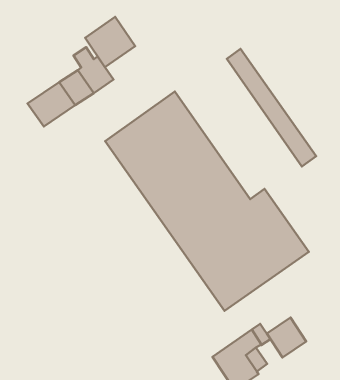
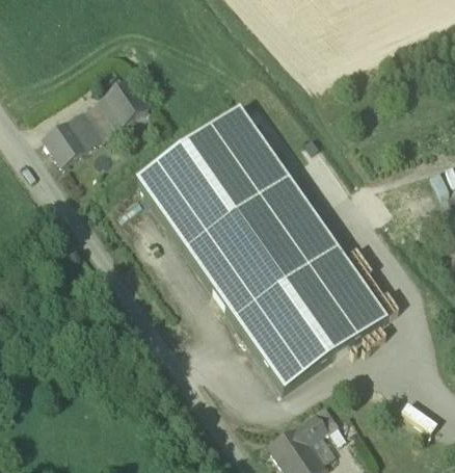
building: [85,17,135,67] -> none
building: [227,49,316,166] -> [225,106,334,249]
building: [267,318,306,357] -> none

